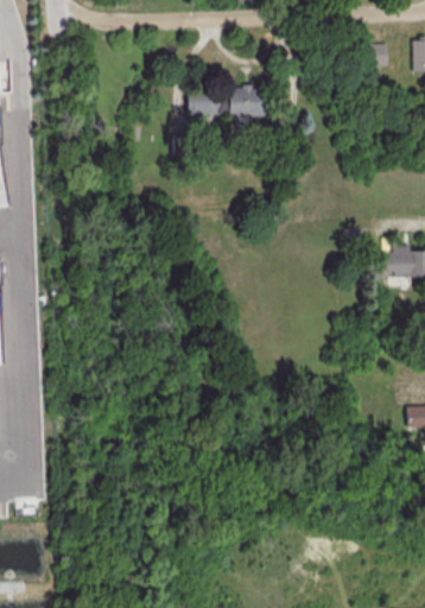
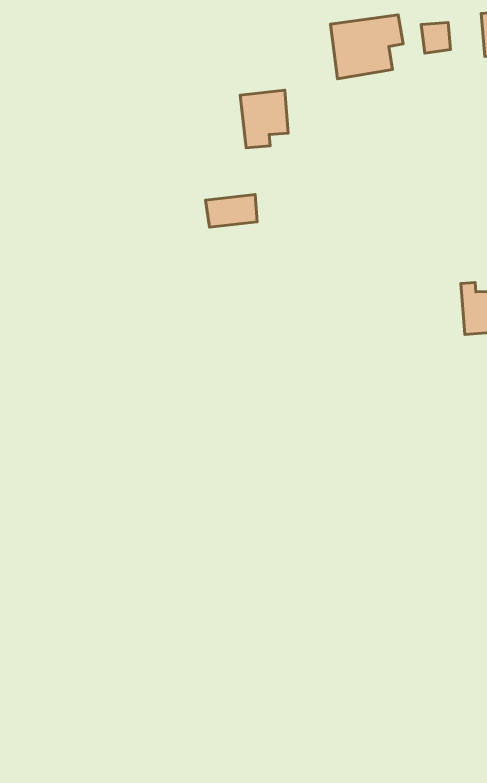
building: none -> [330,15,403,79]
building: [184,91,221,113] -> [206,195,257,227]

